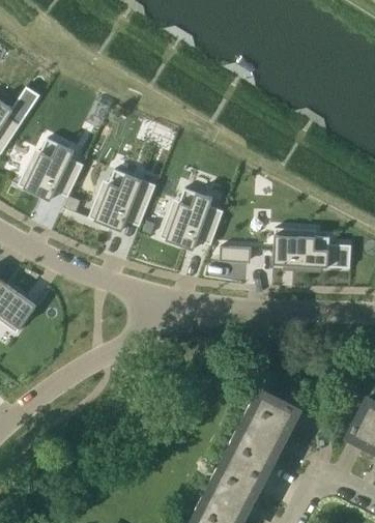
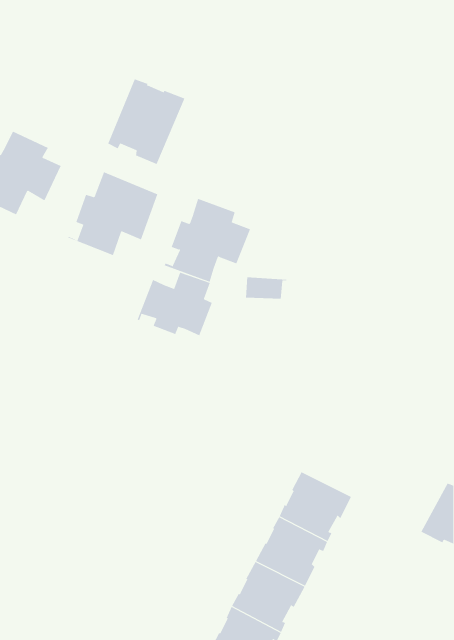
building: none -> [108,78,185,165]
building: [273,227,351,267] -> none
building: none -> [137,272,212,336]

